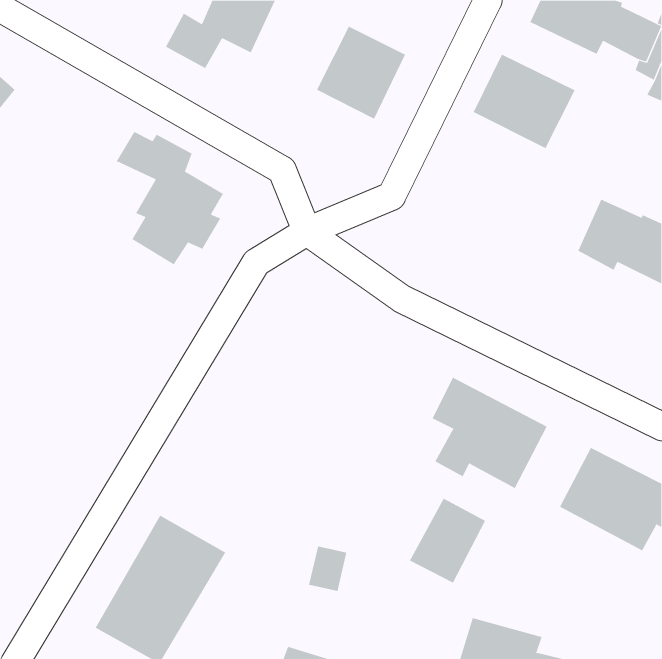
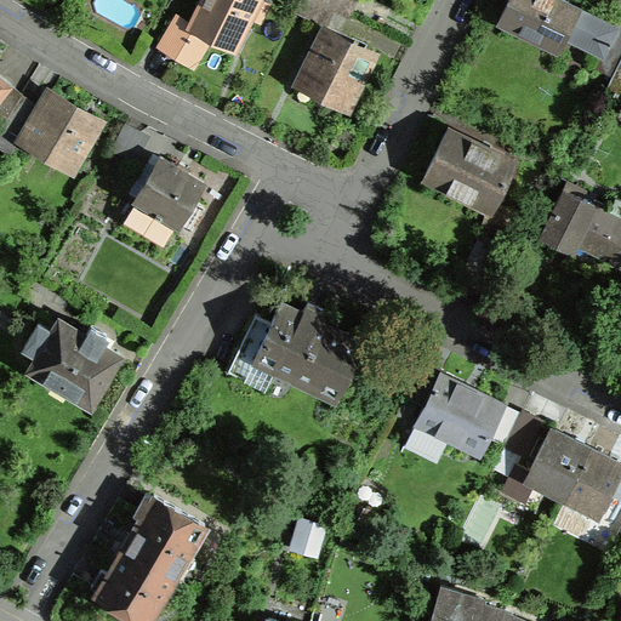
building: [473,54,576,149] -> [422,129,518,217]
building: none -> [13,89,107,181]
building: none -> [223,300,371,410]
building: none -> [19,319,125,416]
building: [409,498,486,584] -> none

